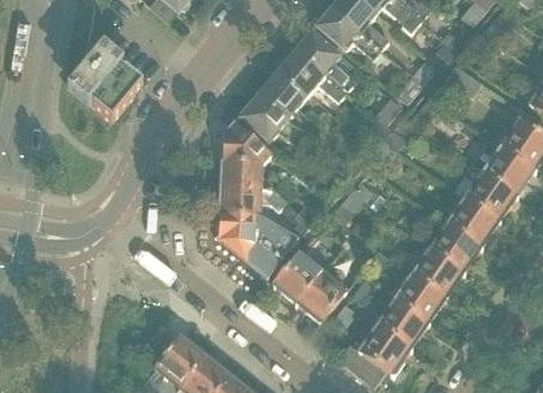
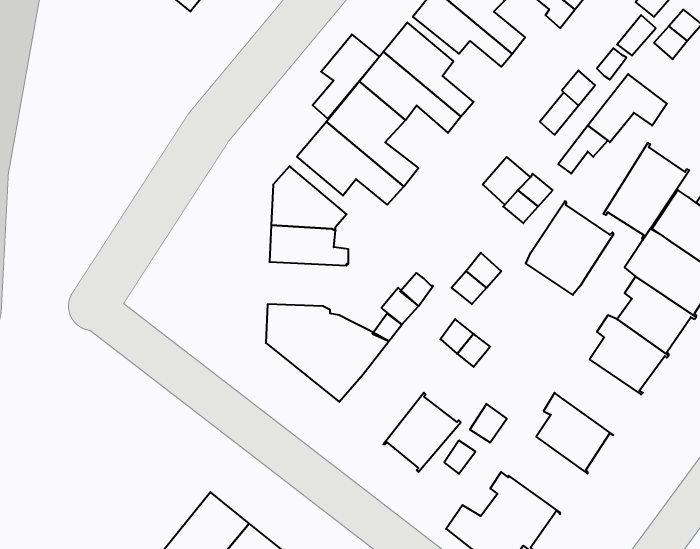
building: none -> [313,34,380,119]
building: [67,37,143,120] -> none
building: none -> [603,143,689,240]
building: none -> [526,201,613,295]
building: [220,185,287,216] -> none
building: [413,245,465,298] -> none
building: [273,251,326,304] -> none
building: [378,297,430,349] -> none

